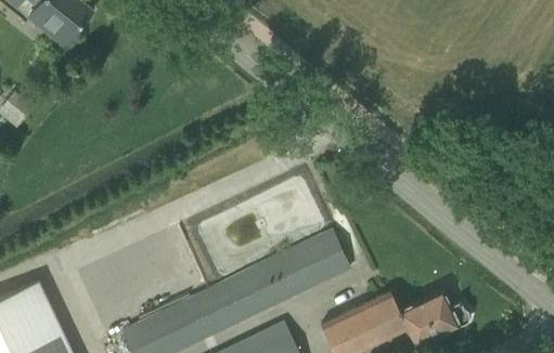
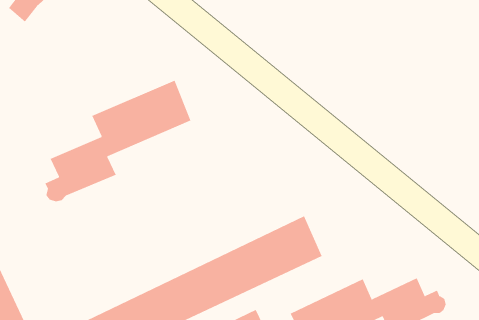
building: none -> [45,80,191,202]

